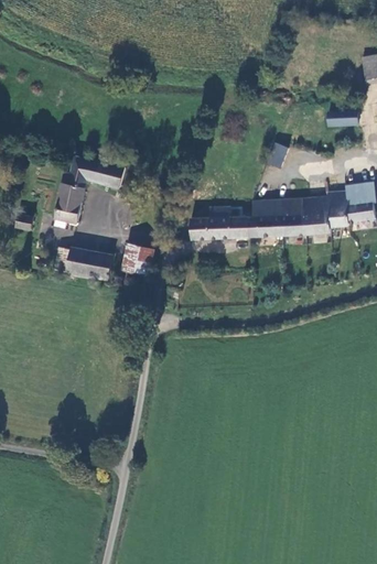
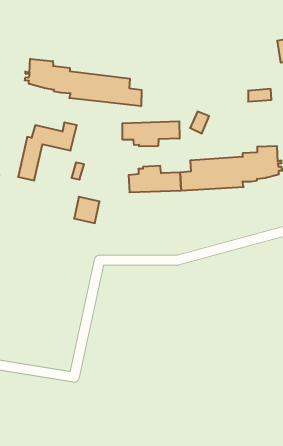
building: none -> [25,59,142,106]
building: none -> [122,121,180,146]
building: [64,249,110,279] -> none

